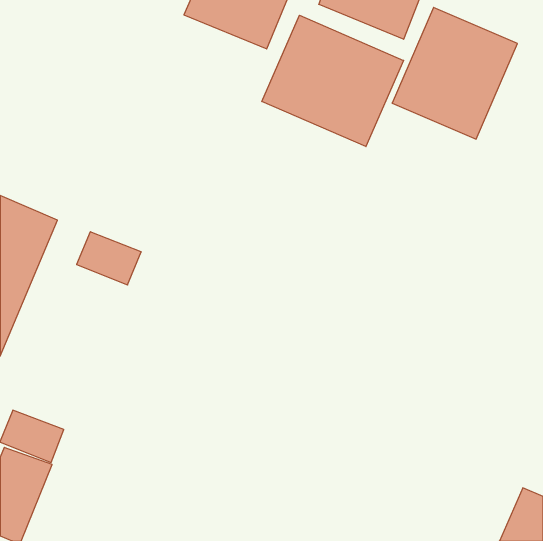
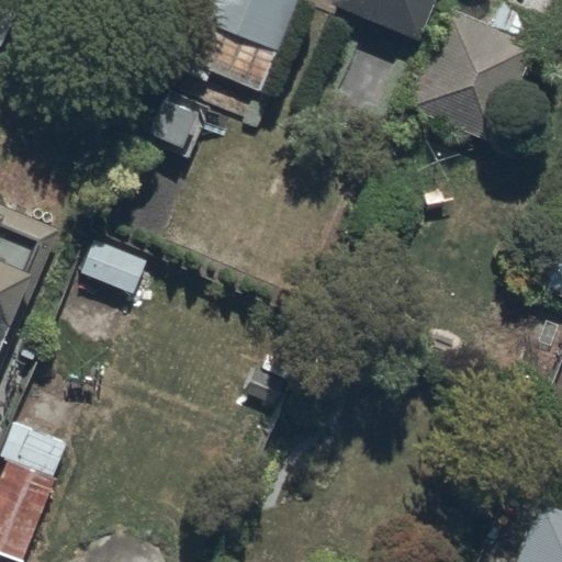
building: [262,15,404,147] -> none

